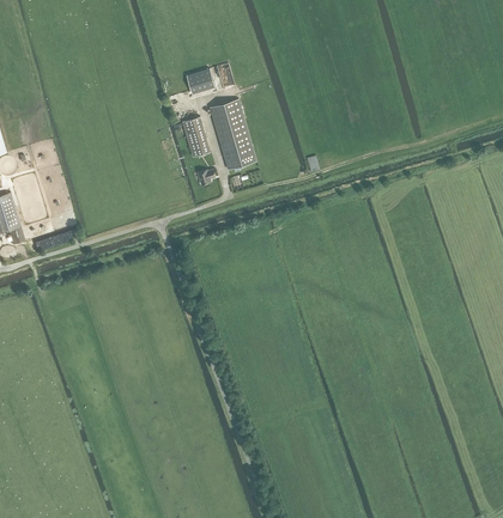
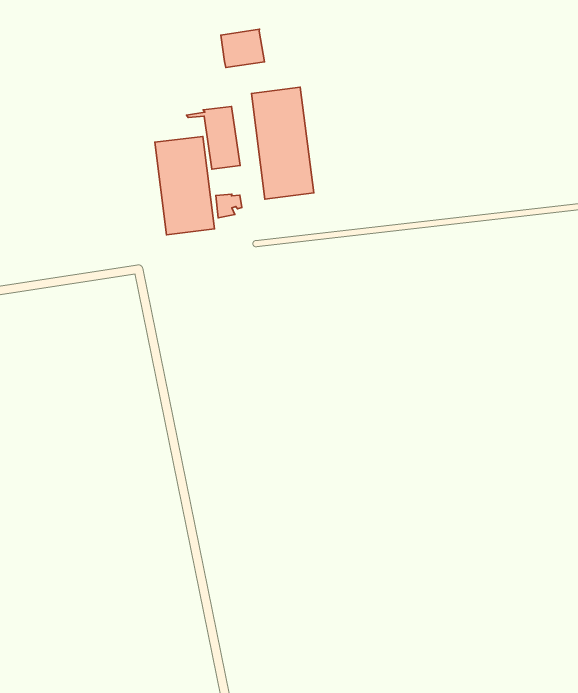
building: none -> [155,136,214,235]

